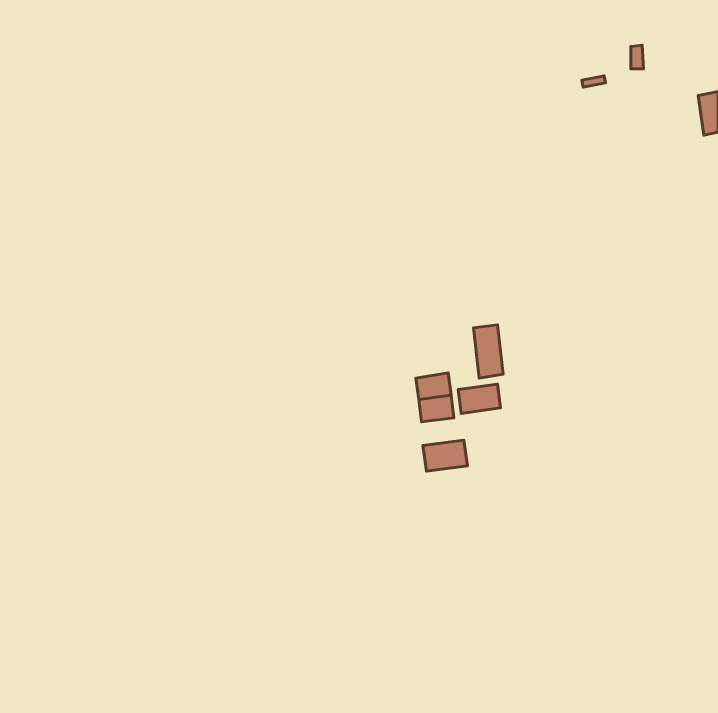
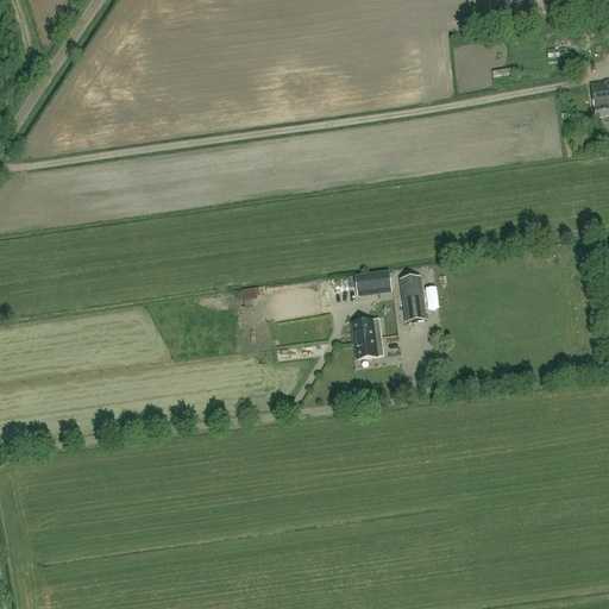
building: [458,384,500,414] -> [356,269,391,294]
building: [423,440,467,471] -> none

